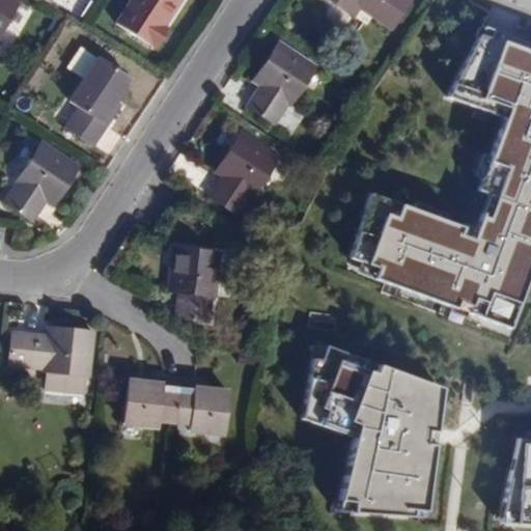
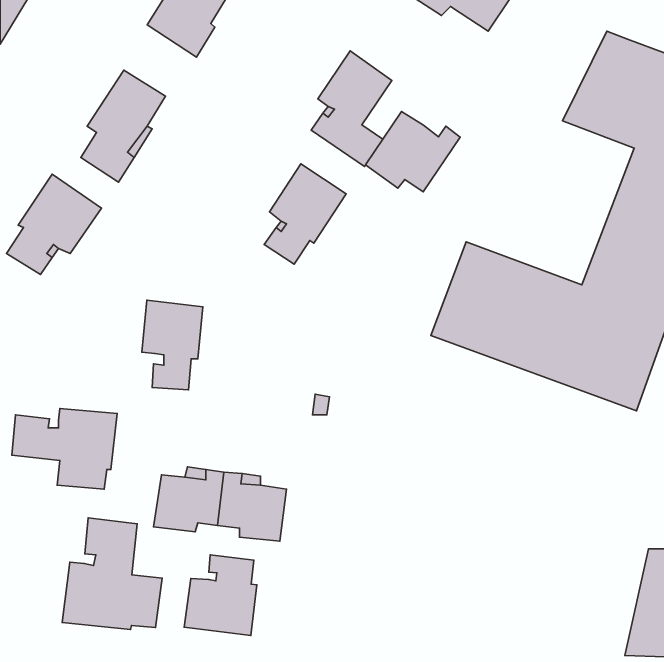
building: none -> [366,111,460,192]
building: [170,246,219,317] -> [142,300,203,390]
building: [302,342,438,516] -> none
building: none -> [62,518,162,629]
building: none -> [184,555,257,635]

